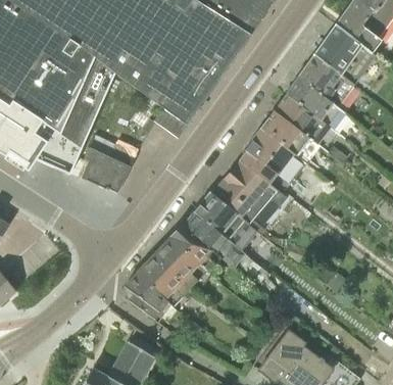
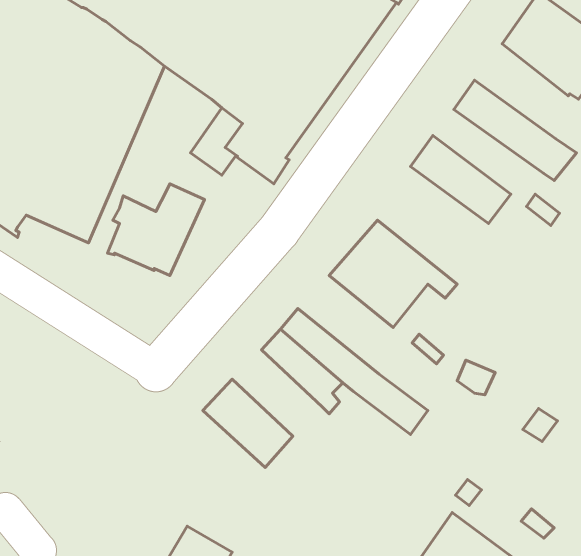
building: [297,55,352,106] -> none
building: [273,93,338,149] -> none
building: [240,128,305,193] -> none
building: [193,191,254,250] -> none
building: [154,236,207,287] -> none
building: [124,272,178,321] -> none

